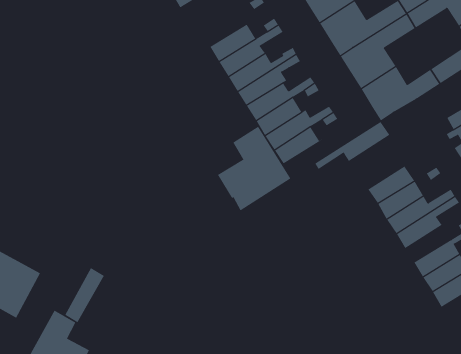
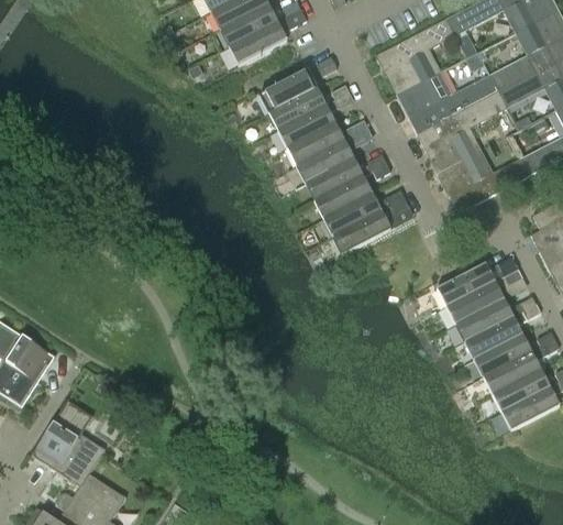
building: none -> [261,68,314,111]
building: [315,121,390,170] -> none
building: [217,126,291,211] -> none
building: none -> [475,336,529,376]
building: [64,267,108,323] -> none

